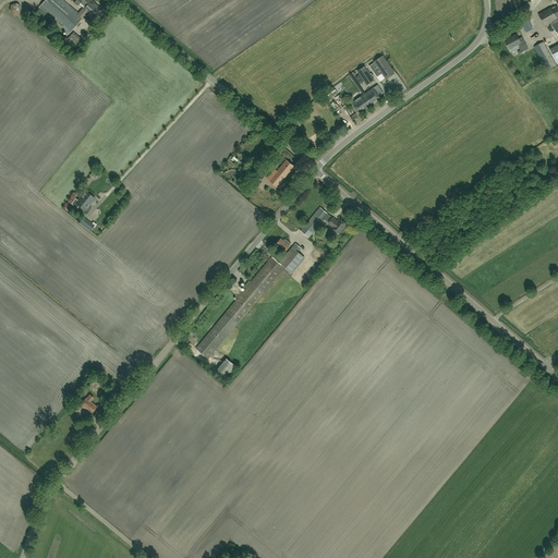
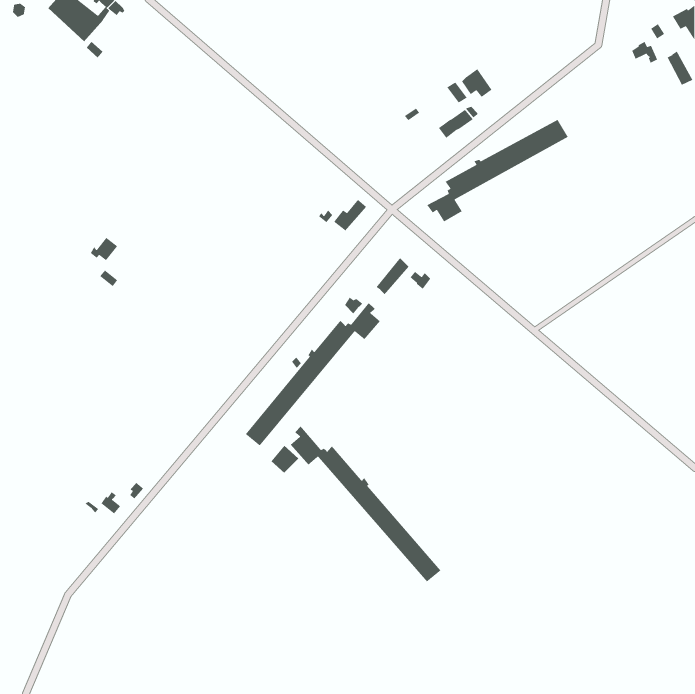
building: none -> [426,119,569,223]
building: none -> [290,425,442,582]

